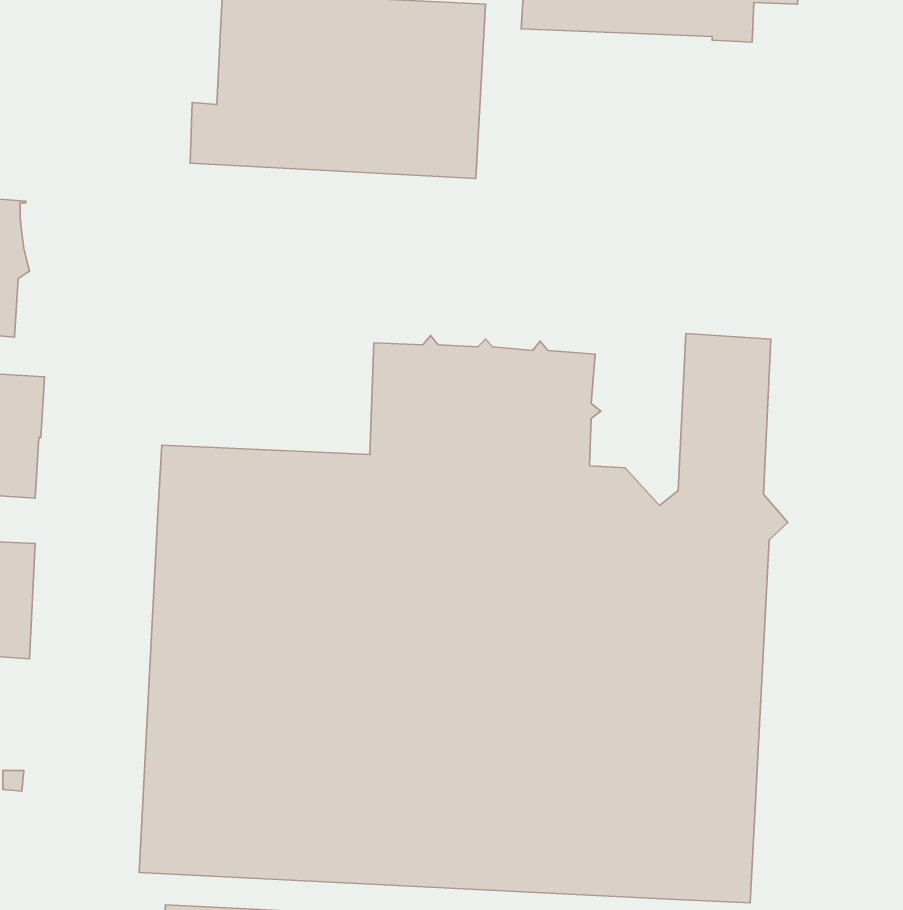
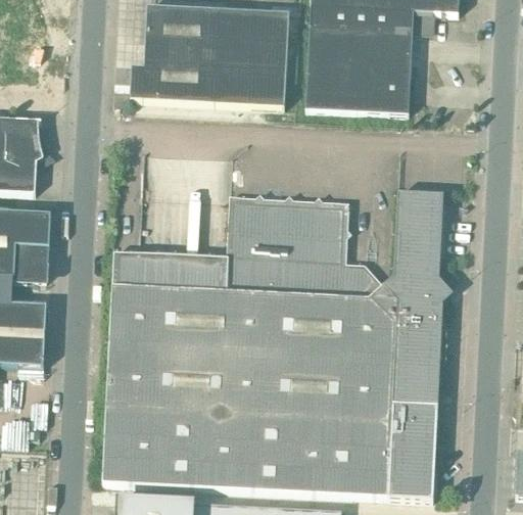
building: none -> [305,26,412,112]

